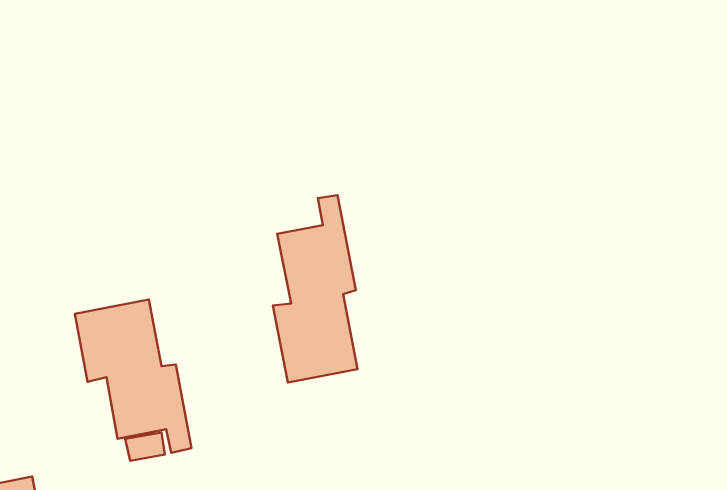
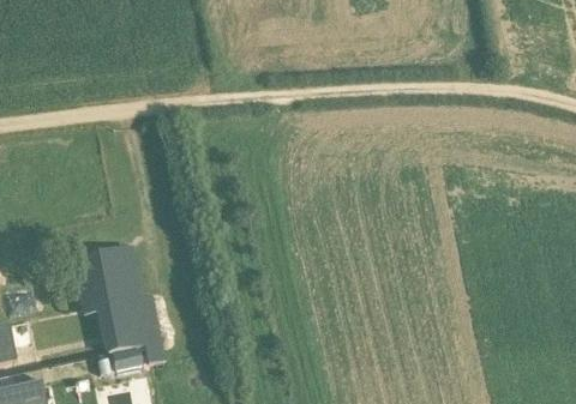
building: [273,195,357,383] -> none

